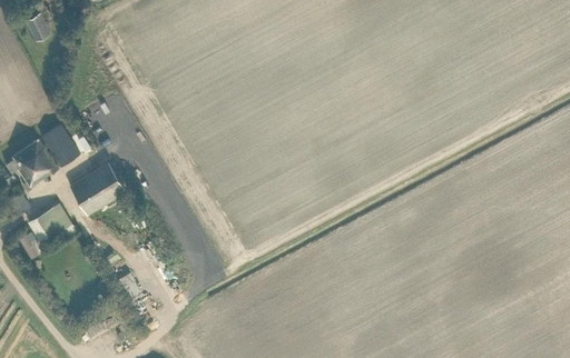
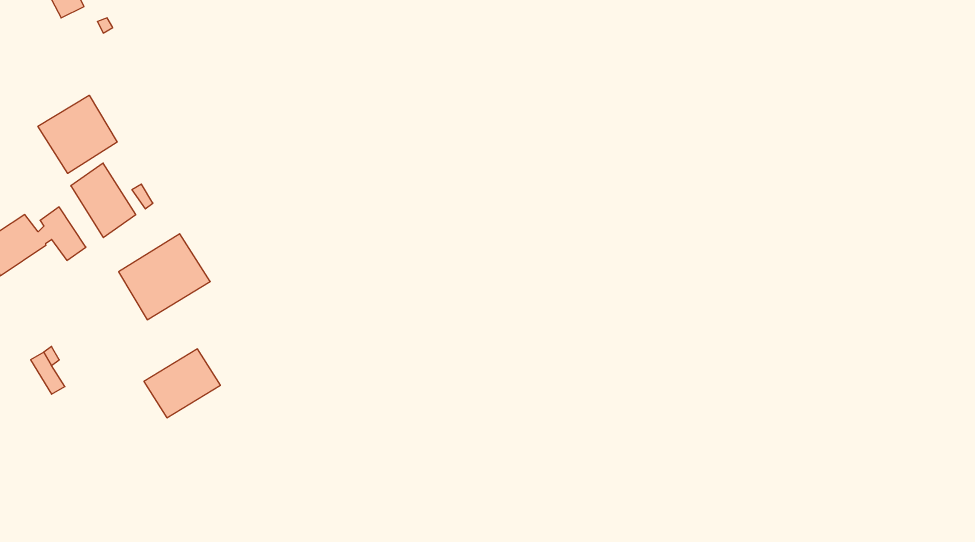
building: none -> [38,95,117,173]
building: [27,203,71,243] -> [144,349,220,418]

